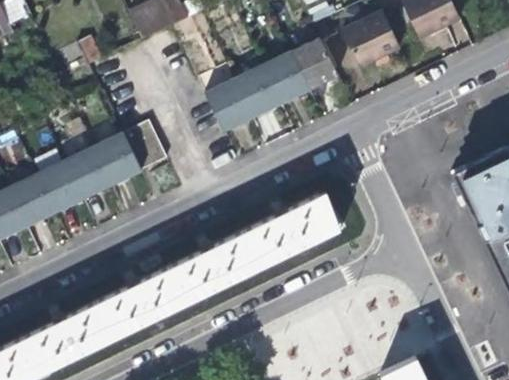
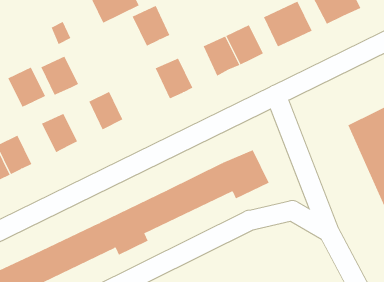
building: [236,66,283,117] -> [132,5,170,47]
building: [95,134,142,183] -> [41,56,79,96]
building: [38,161,85,211] -> [8,67,46,107]

